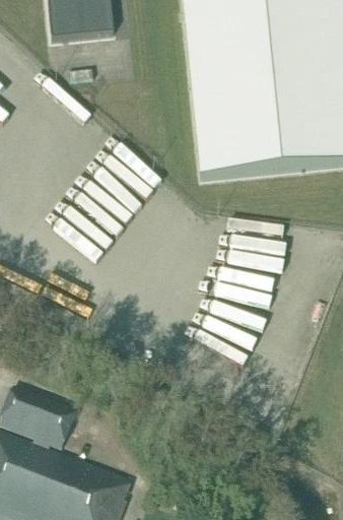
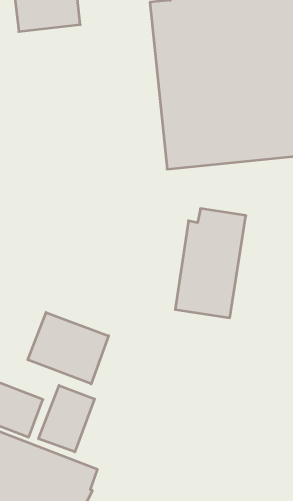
building: none -> [28,312,109,384]
building: none -> [39,385,95,452]

